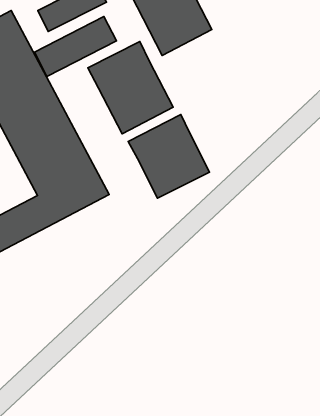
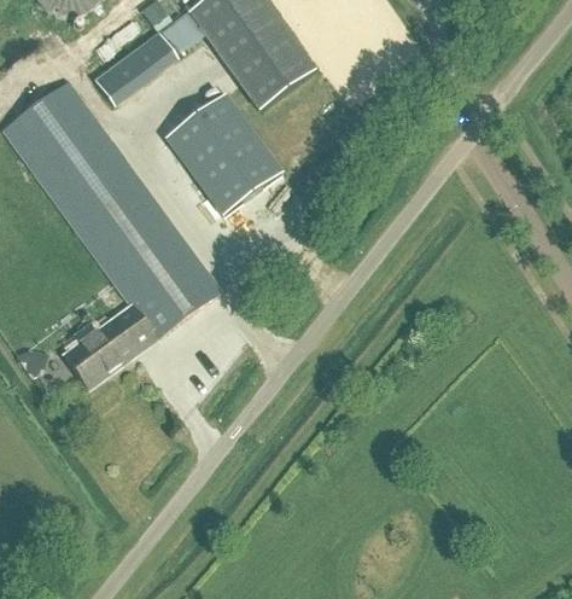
building: [34,17,117,76] -> none
building: [128,114,210,198] -> none

